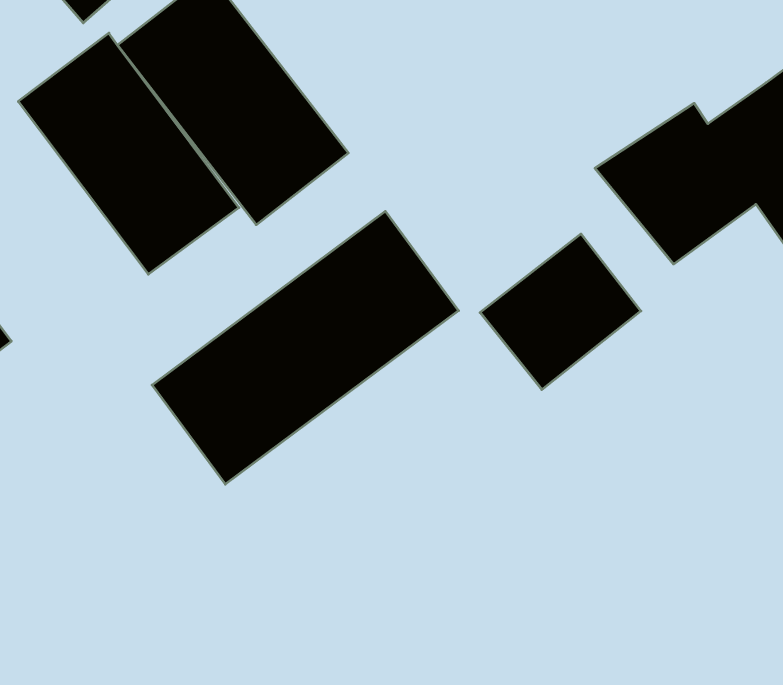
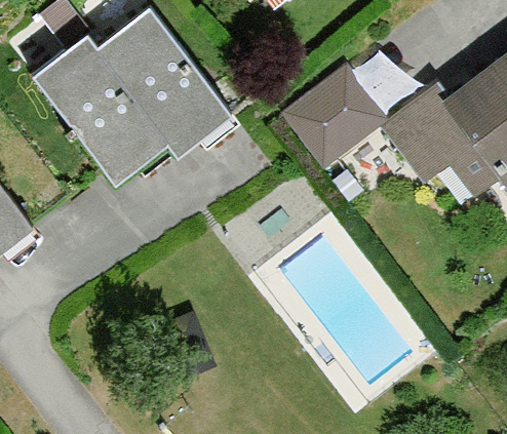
building: [152,211,459,484] -> none
building: [480,234,641,390] -> [284,76,381,169]

